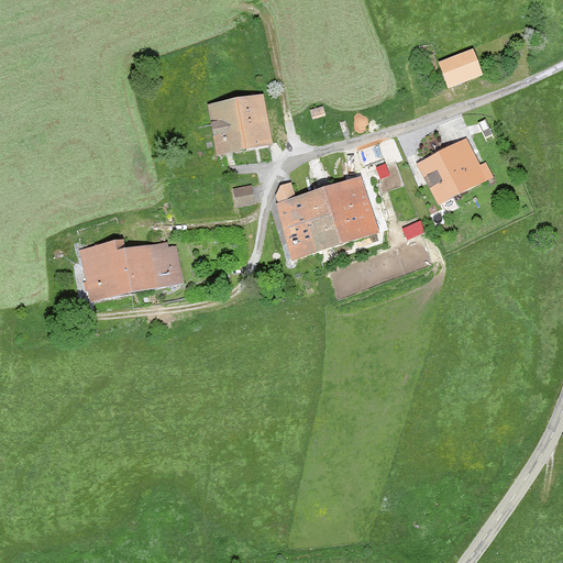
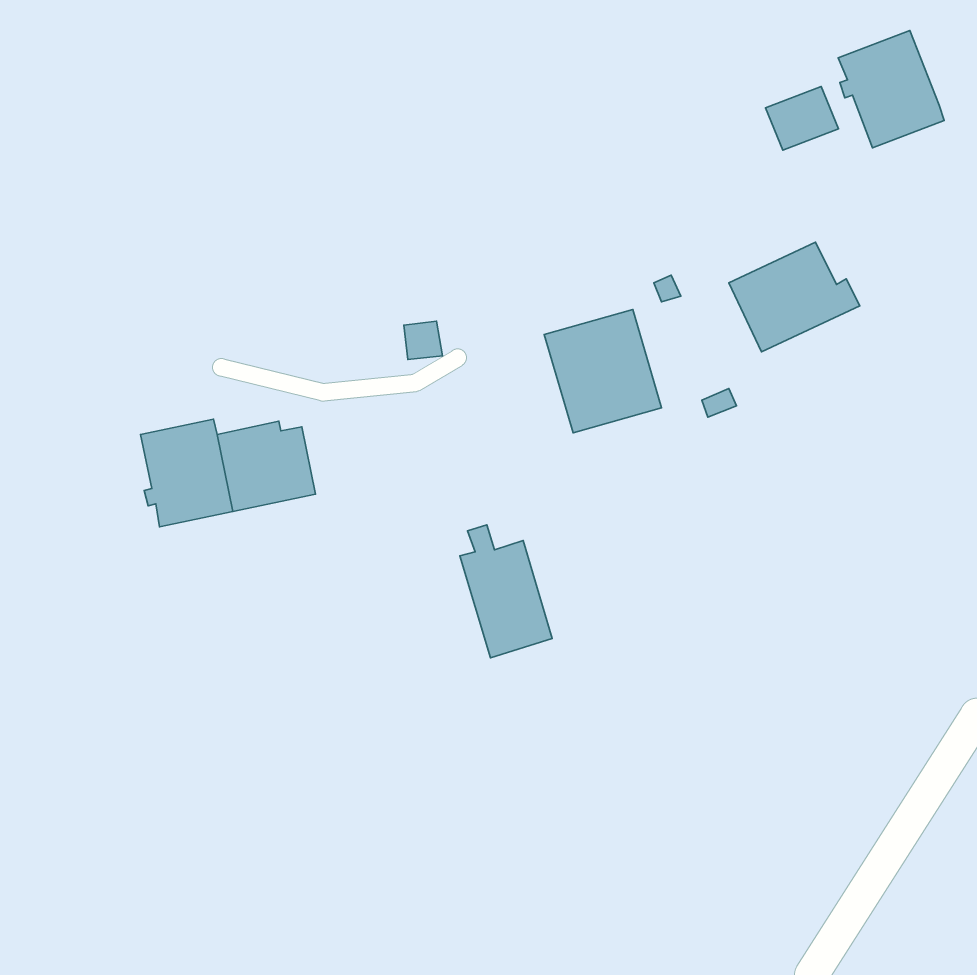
building: none -> [838,30,944,148]
building: [208,95,268,152] -> none
building: [275,183,328,258] -> [460,525,552,658]

